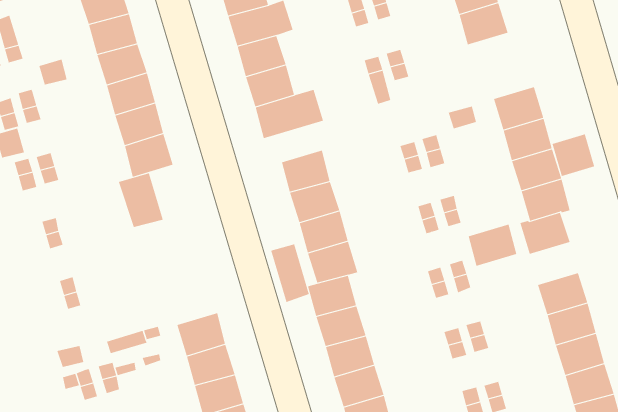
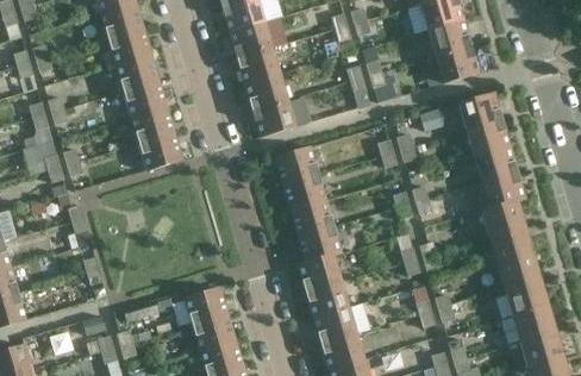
building: none -> [436,46,480,83]
building: [552,133,595,177] -> none
building: [118,173,163,228] -> none
building: [468,224,517,266] -> [489,227,532,264]
building: [270,244,310,303] -> none

